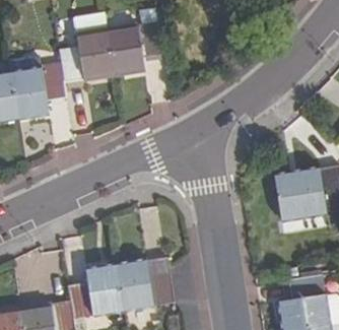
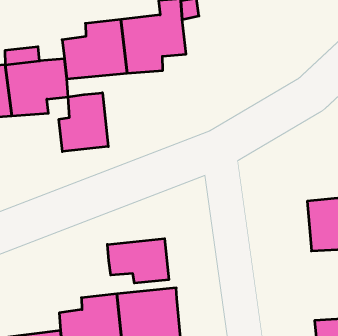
building: none -> [59,93,108,152]
building: none -> [107,239,169,283]

